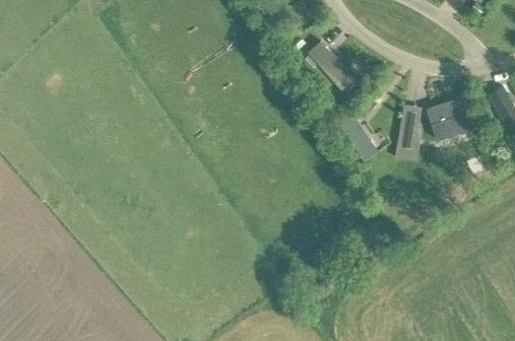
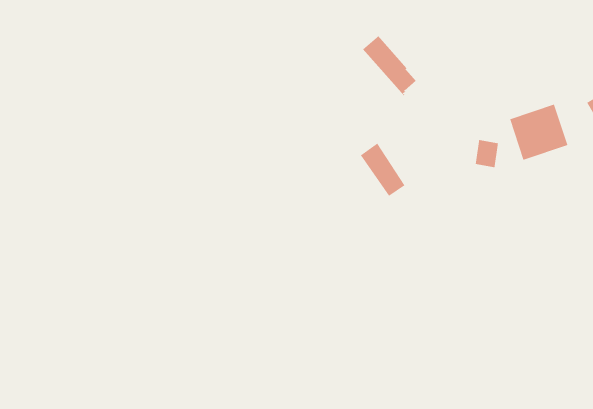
building: [341,117,378,160] -> [360,142,405,197]

